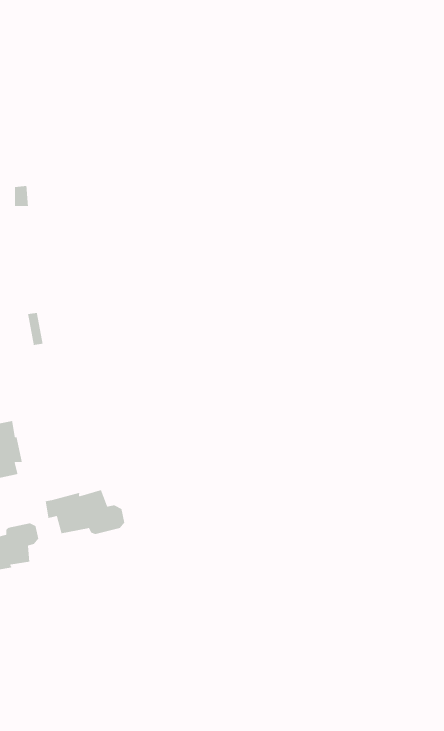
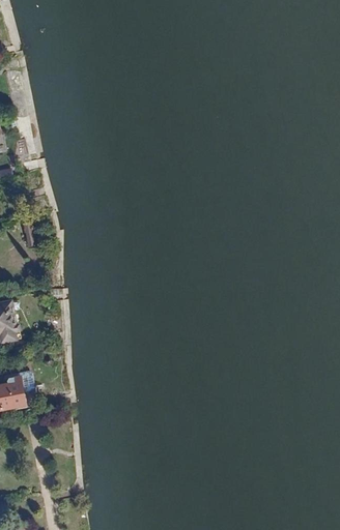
building: [45,489,125,535] -> none

